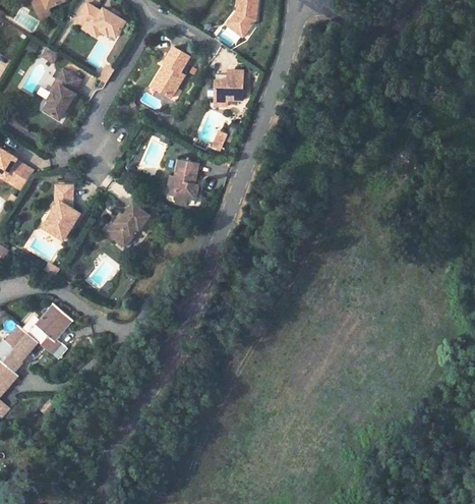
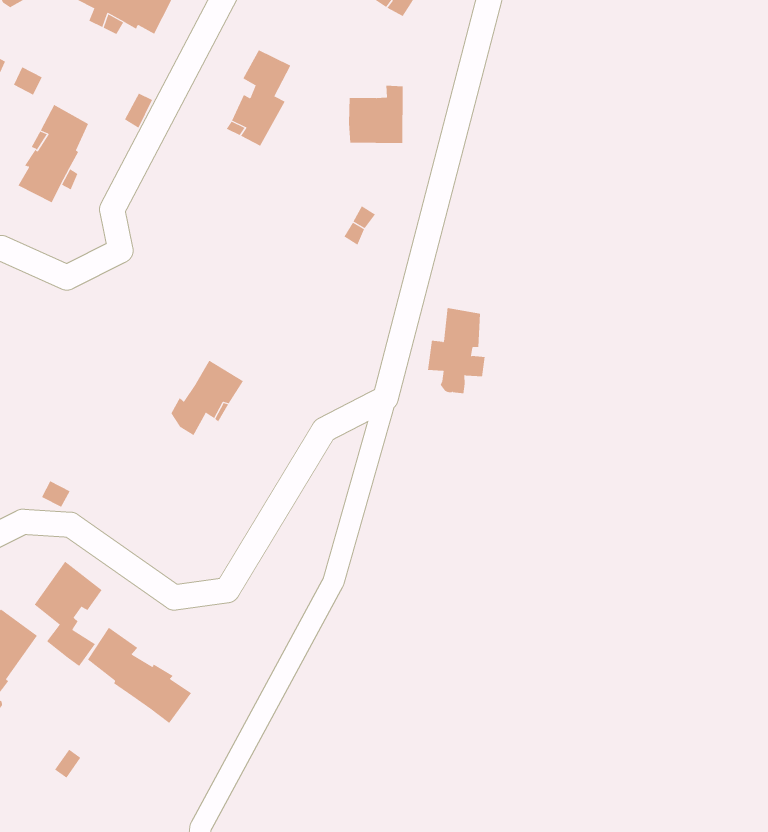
building: [168,161,198,206] -> [427,308,486,394]
building: [42,186,78,240] -> none
building: none -> [87,627,192,724]

